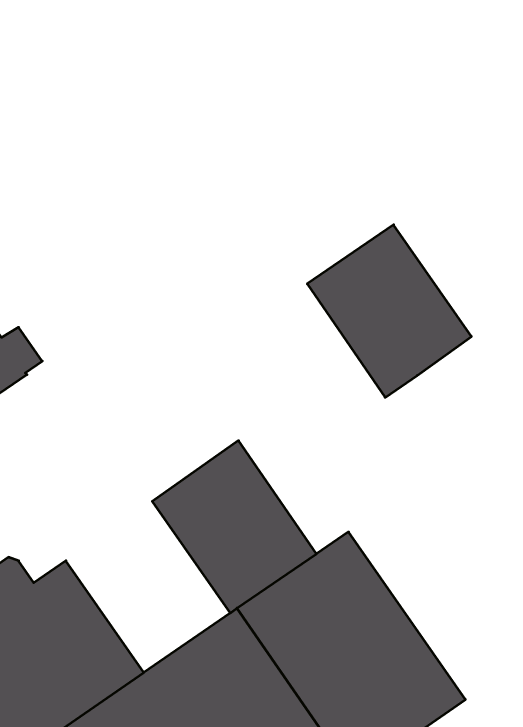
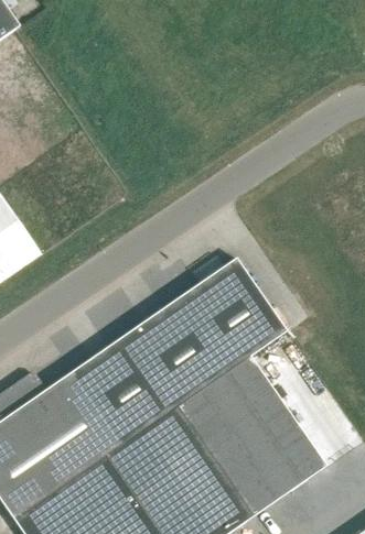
building: [307,225,471,397] -> [179,260,286,372]
building: none -> [66,338,173,449]

